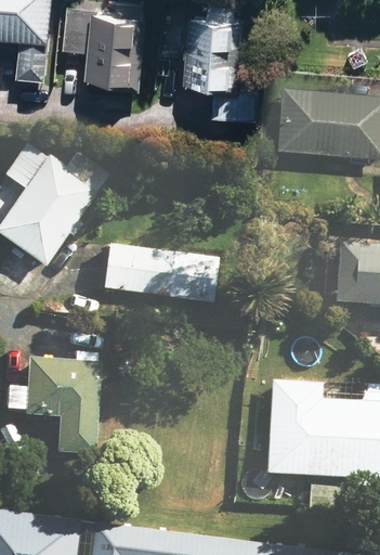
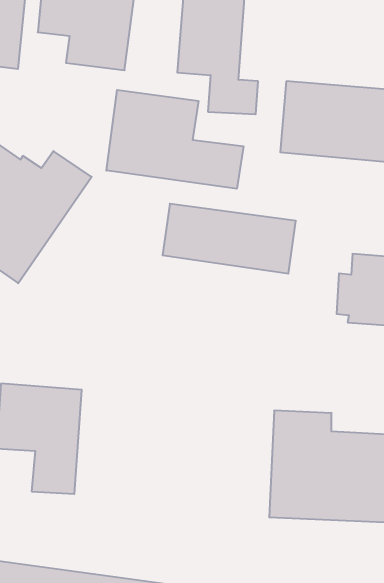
building: none -> [106,90,243,189]
building: [101,243,219,305] -> [162,204,296,274]

